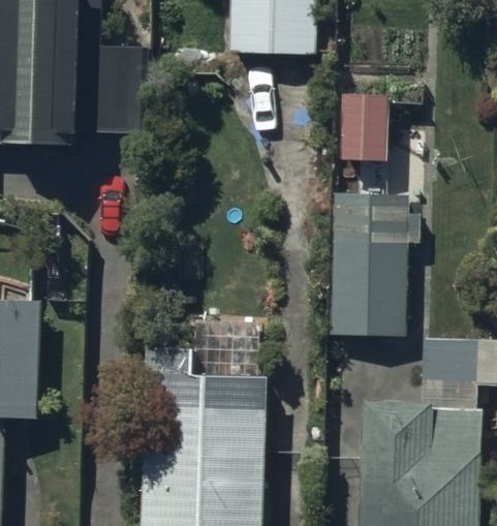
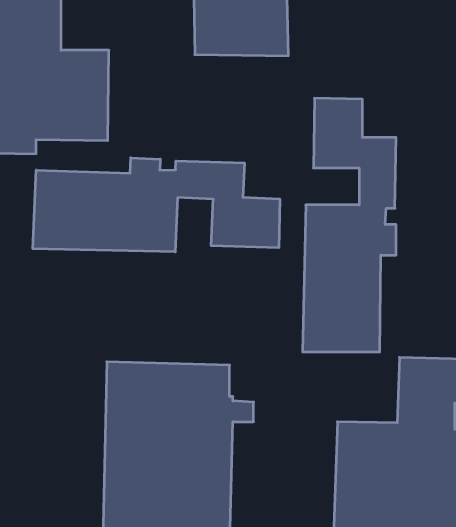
building: none -> [33,158,280,252]

